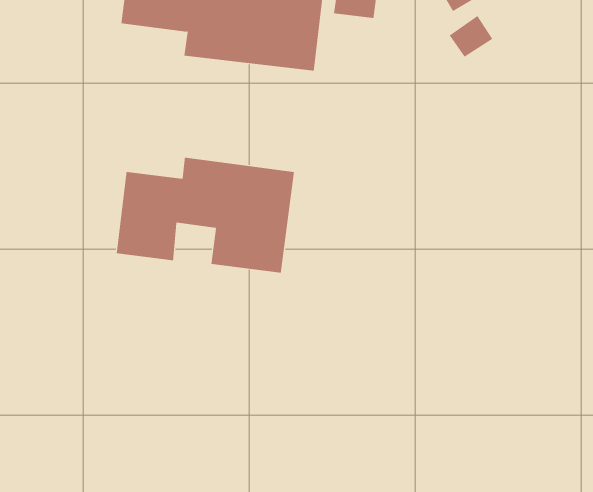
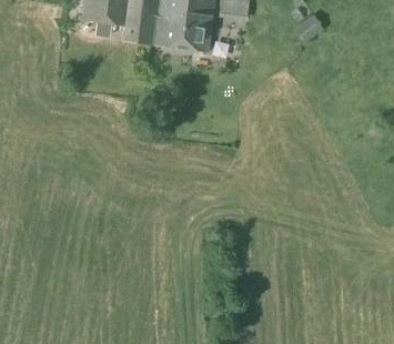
building: [116,157,295,274] -> none

